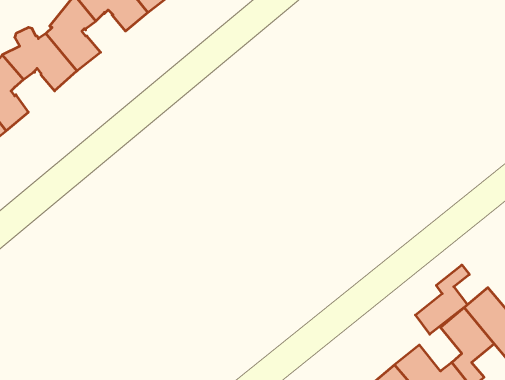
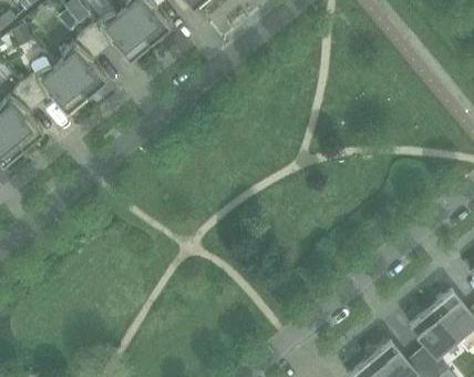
building: [415,265,469,334] -> none

